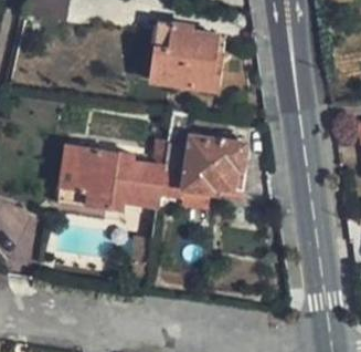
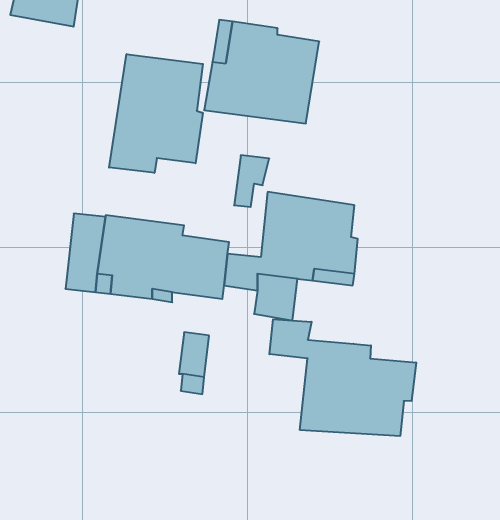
building: none -> [109,54,203,173]
building: none -> [269,319,416,436]

